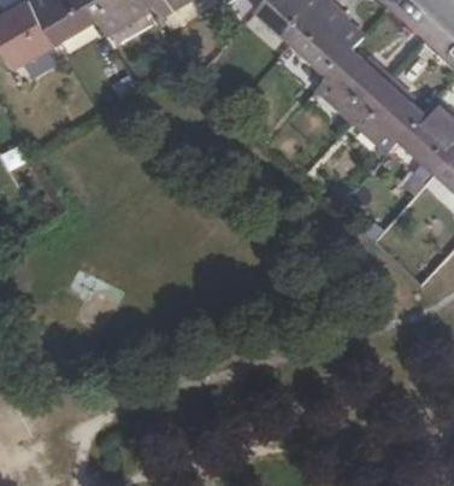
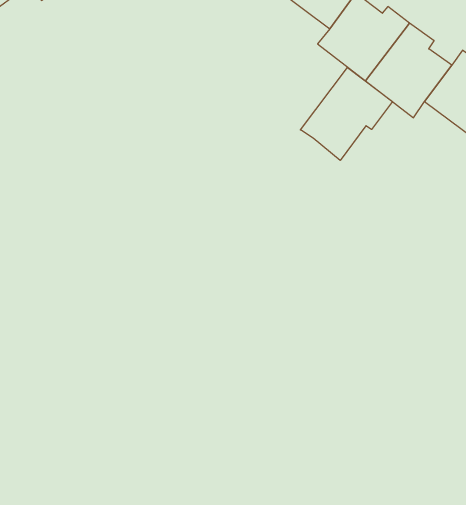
building: none -> [300,67,393,160]

